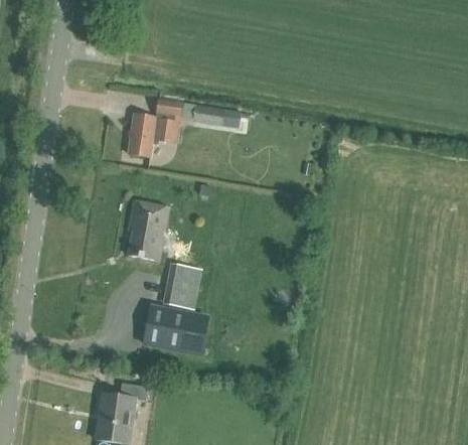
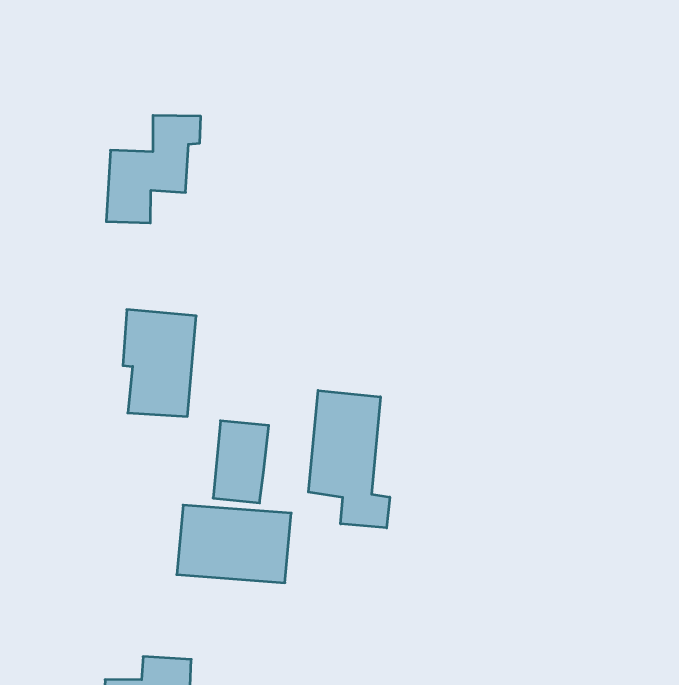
building: [192,106,224,126] -> none
building: none -> [308,390,390,528]

